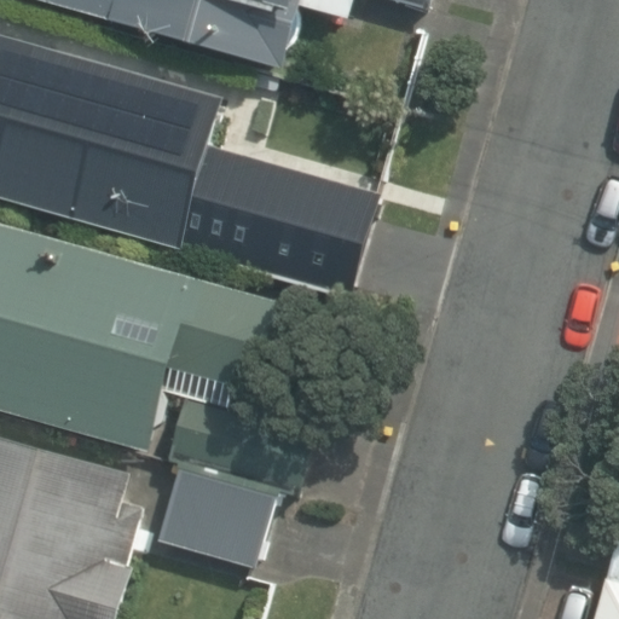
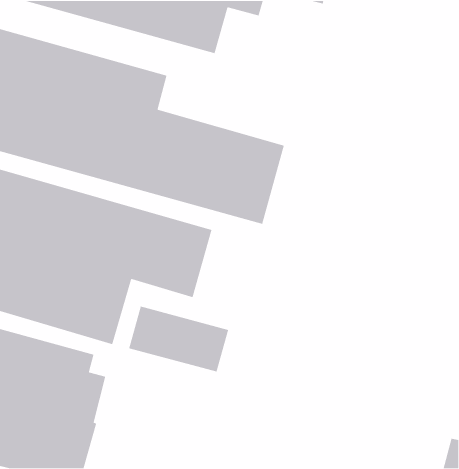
building: [155,468,273,572] -> none

